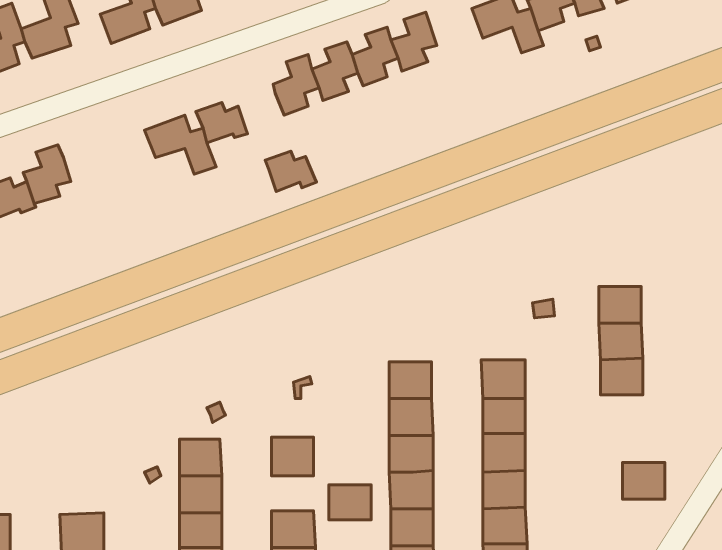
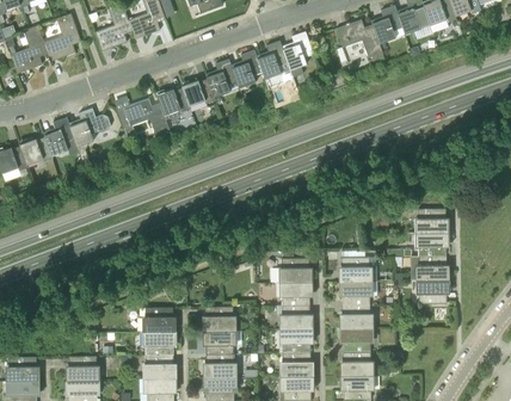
building: none -> [70,109,110,161]
building: [265,151,317,191] -> [181,80,215,106]
building: [623,463,665,499] -> [419,279,447,303]
building: [329,485,371,520] -> [205,332,233,354]

